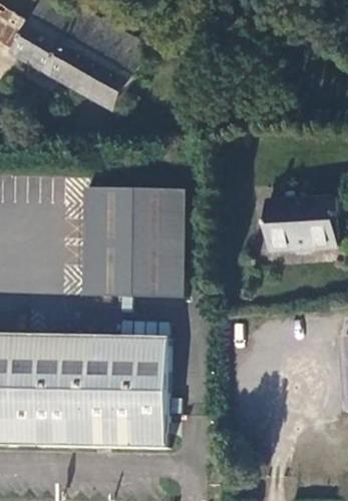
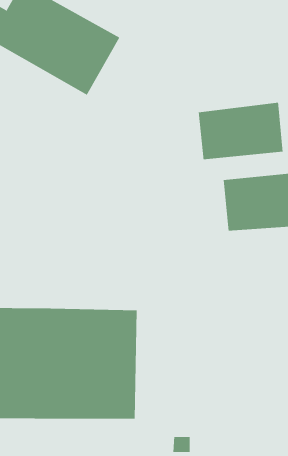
building: none -> [198,102,283,160]
building: [82,187,184,298] -> none

